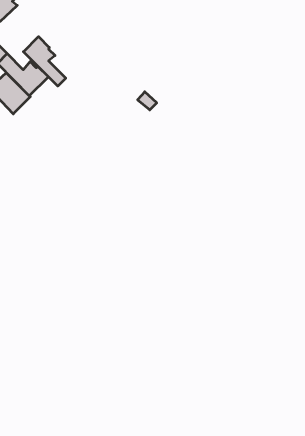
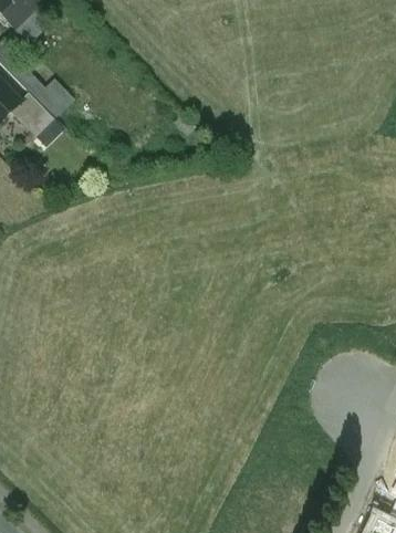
building: [23,37,66,86] -> none

